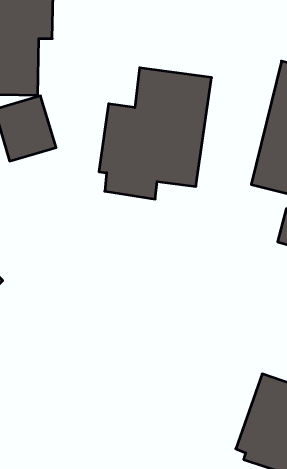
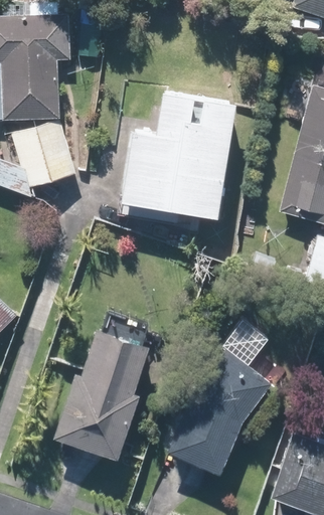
building: none -> [168,319,284,474]
building: none -> [54,328,149,458]

